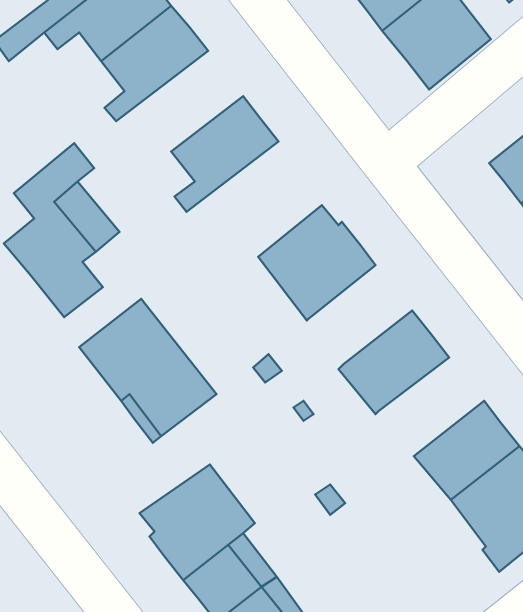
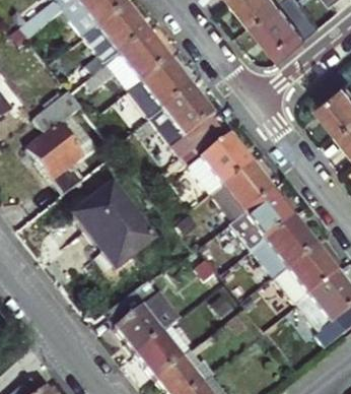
building: none -> [94,34,171,94]
building: none -> [137,88,219,158]
building: none -> [211,163,274,223]
building: none -> [254,219,318,279]

